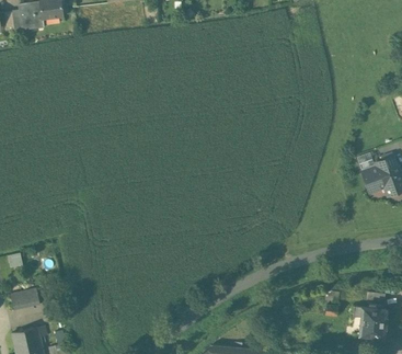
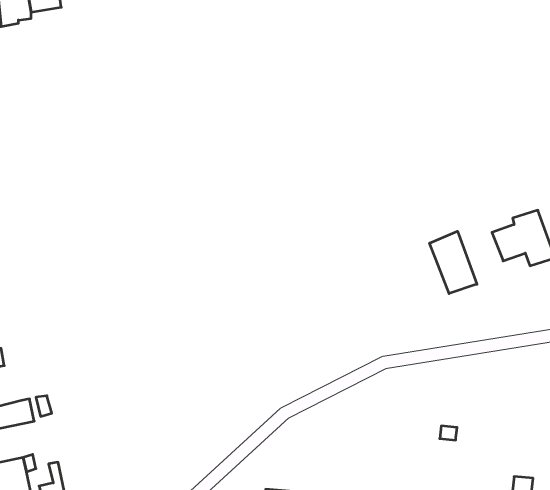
building: none -> [430,231,477,294]
building: [353,304,386,336] -> none

